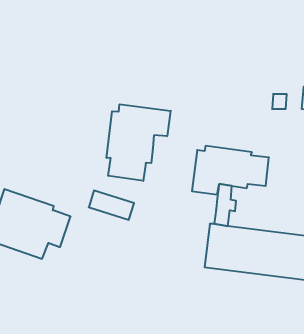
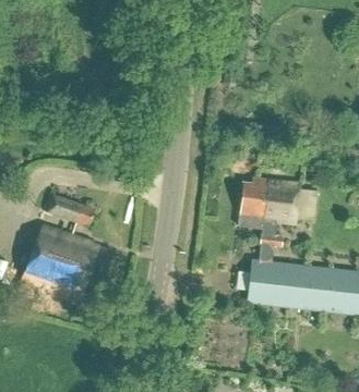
building: [107,104,171,181] -> none
building: [89,190,134,220] -> [49,194,96,224]

